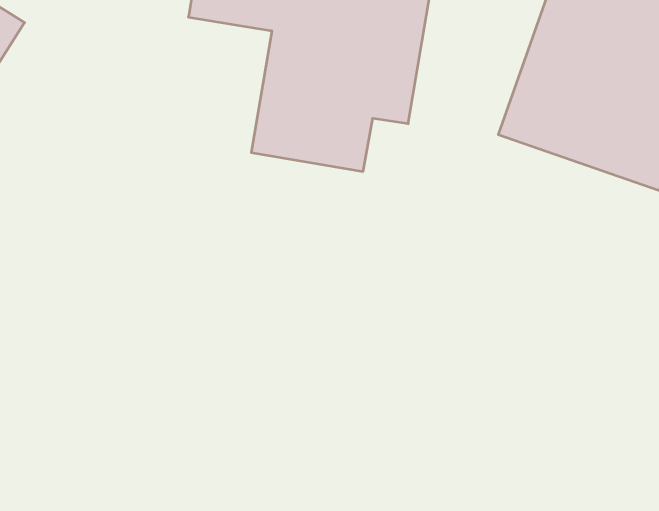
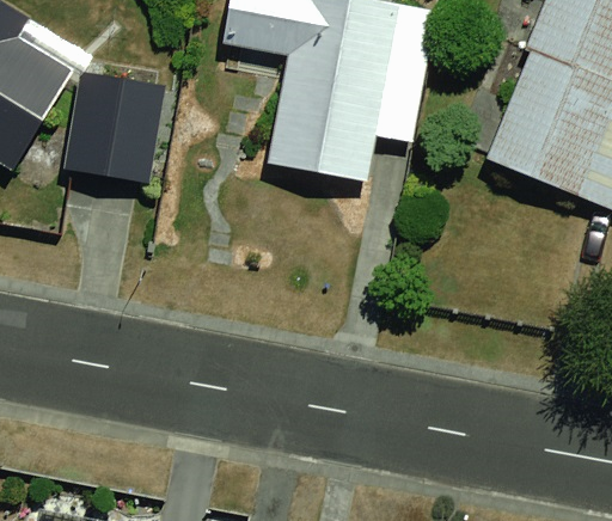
building: none -> [44,67,147,186]

